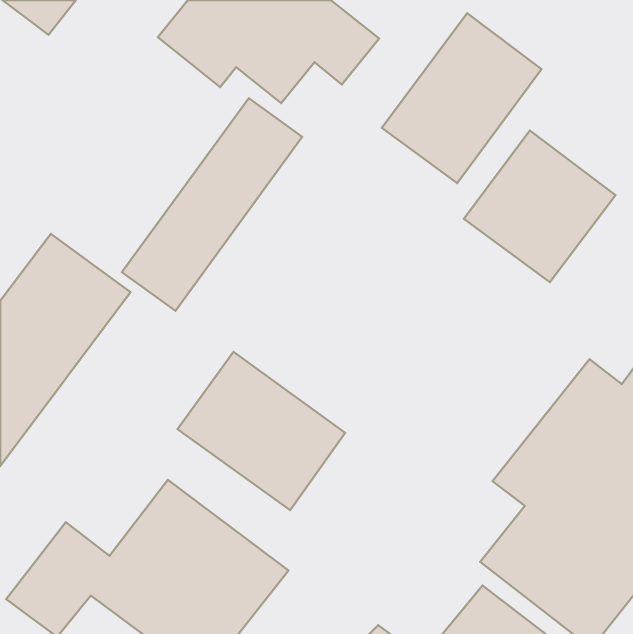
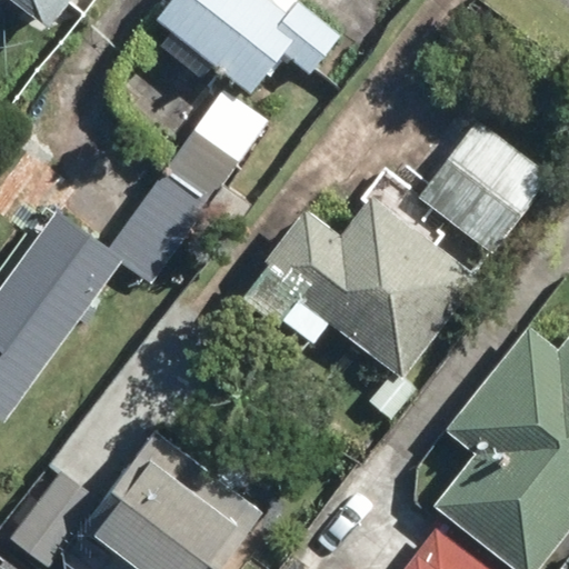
building: [382,13,541,183] -> none
building: none -> [238,196,481,381]
building: [178,352,345,510] -> none

